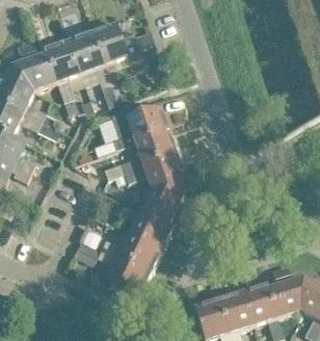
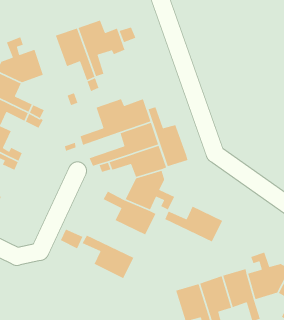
building: [44,41,80,102] -> none
building: none -> [148,106,189,167]
building: [101,234,162,272] -> [164,206,223,242]

